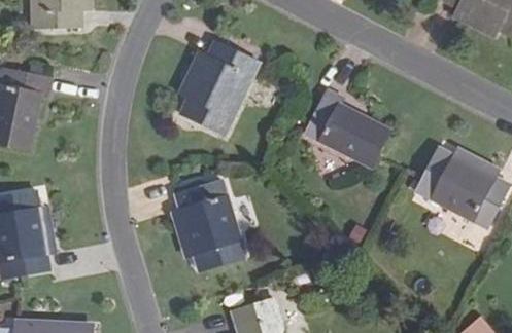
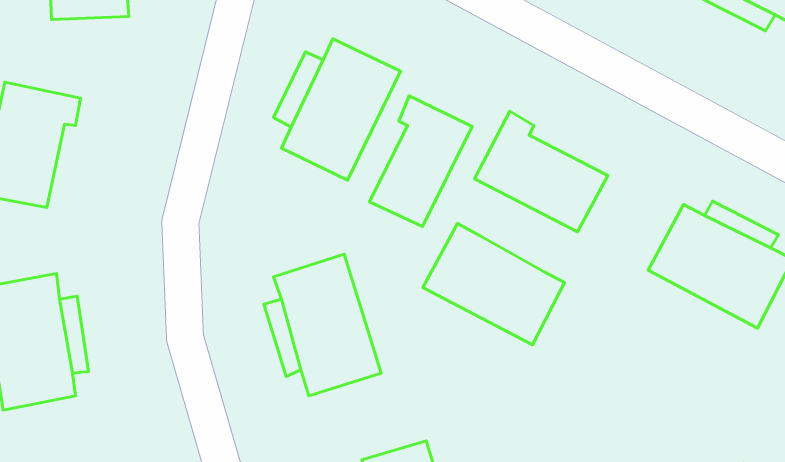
building: none -> [369,96,472,227]
building: none -> [423,223,565,345]

